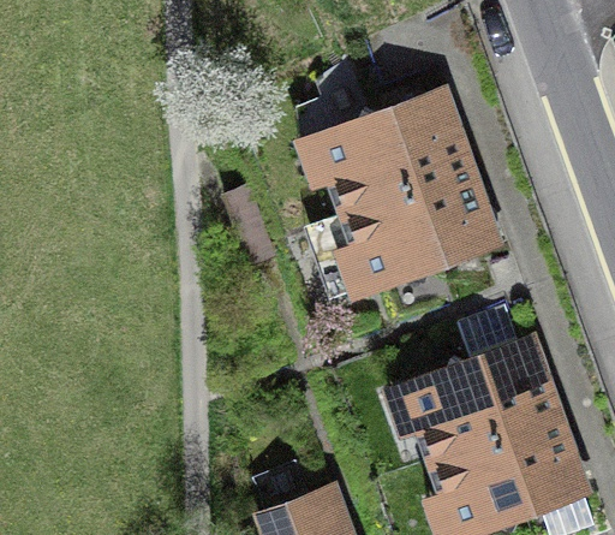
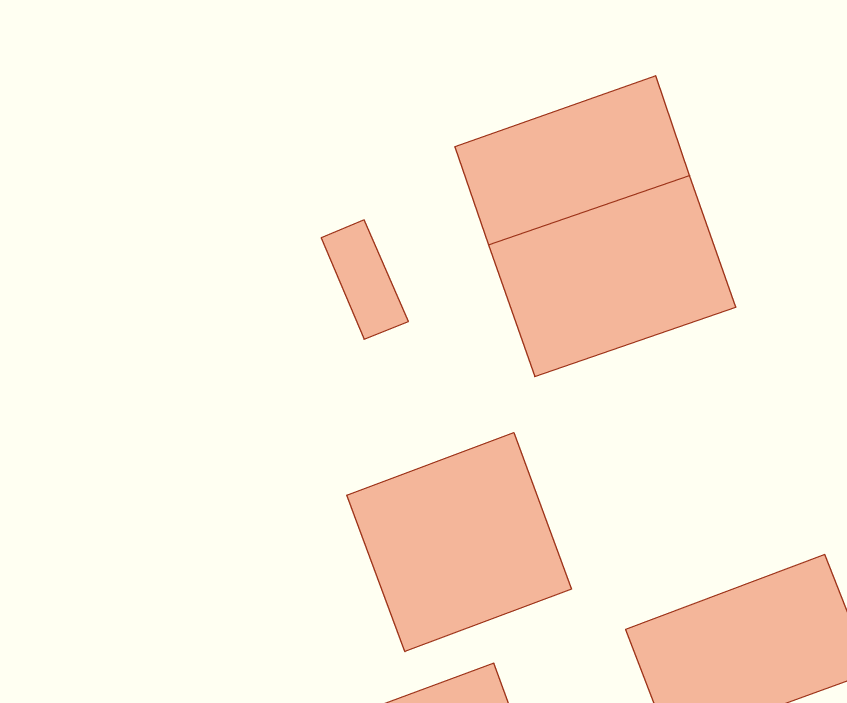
building: none -> [347,433,572,652]
building: [398,334,561,462] -> none

